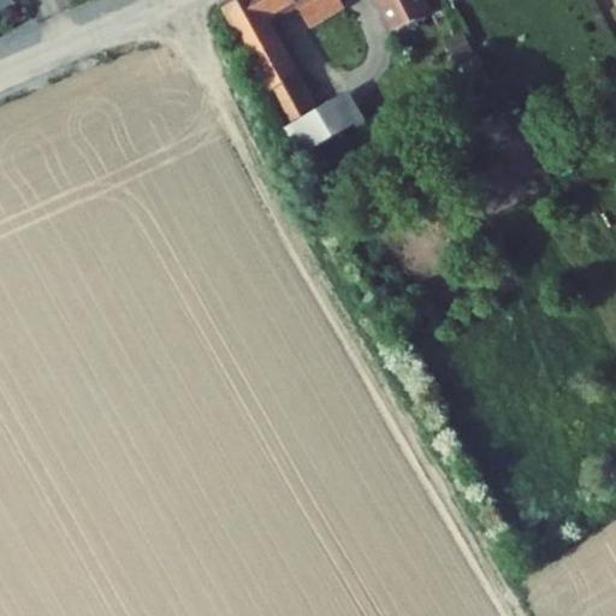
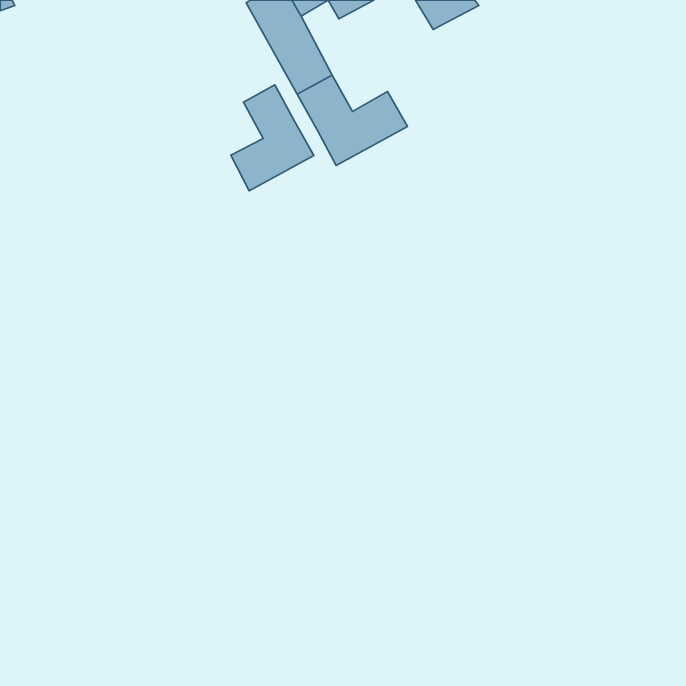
building: none -> [231,85,314,191]

